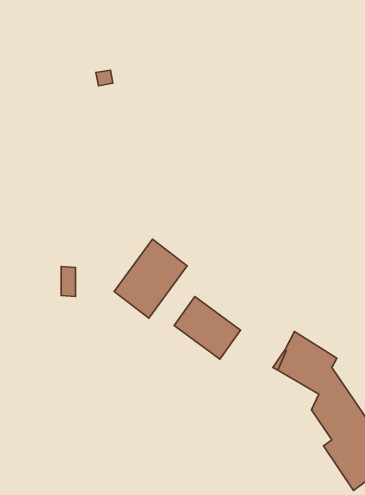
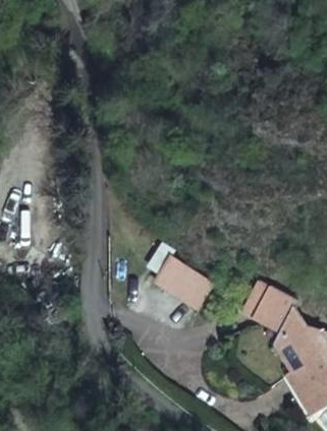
building: [114,239,187,318] -> none

